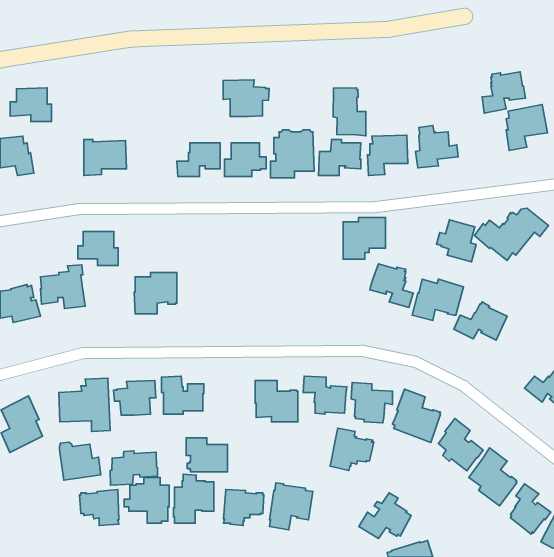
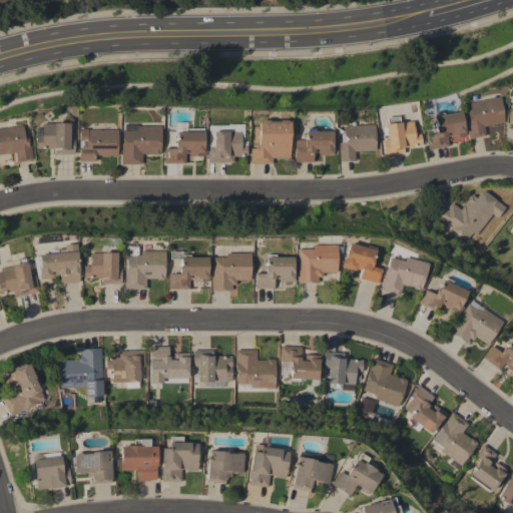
building: [482,72,526,113] -> [428,111,468,149]
building: [223,80,269,117] -> none
building: [10,88,51,121] -> [37,122,75,153]
building: [333,88,366,136] -> none
building: none -> [122,125,161,164]
building: [343,218,386,259] -> [300,244,339,283]
building: [437,220,476,262] -> none
building: [78,232,118,265] -> [85,252,122,284]
building: none -> [170,250,209,289]
building: none -> [213,252,252,290]
building: none -> [256,254,296,288]
building: none -> [452,301,504,345]
building: [330,428,374,471] -> [294,452,334,491]
building: [186,438,228,472] -> [195,350,233,381]
building: [59,442,101,480] -> [34,454,72,489]
building: [110,451,158,485] -> none

